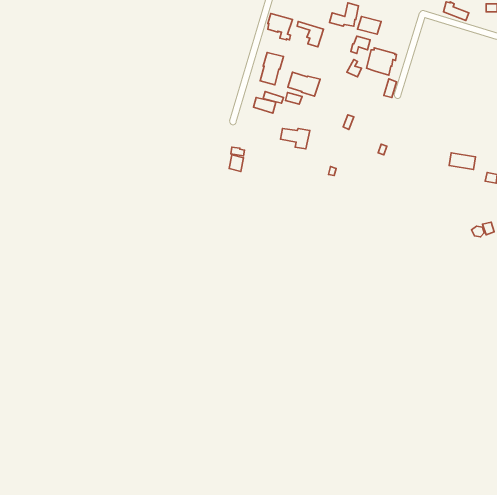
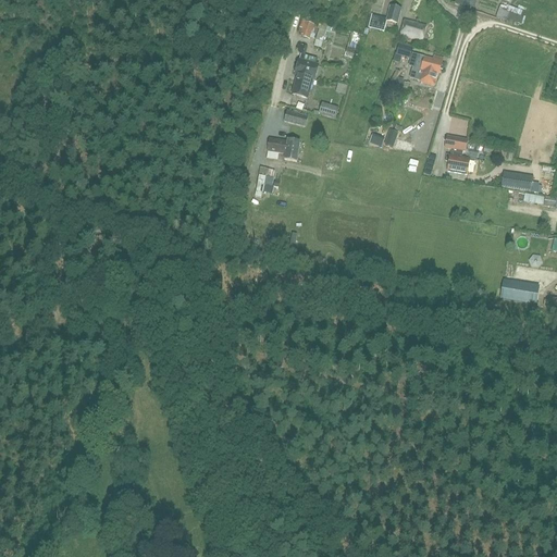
building: [288,72,320,96] -> none
building: none -> [444,135,469,173]
building: [281,129,310,149] -> [267,137,299,160]
building: none -> [499,277,536,301]

